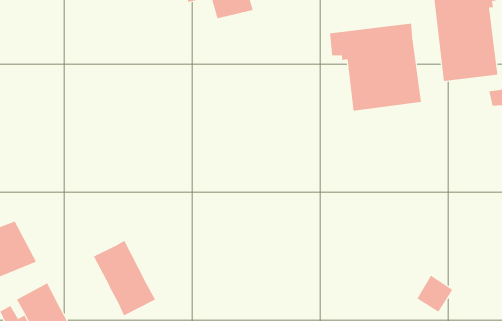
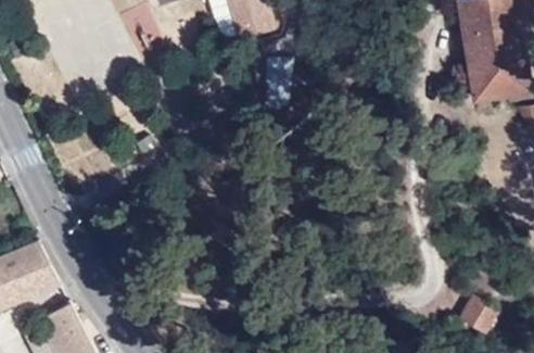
building: [330,23,422,111] -> none
building: [93,240,156,316] -> none

